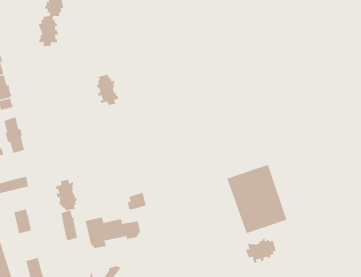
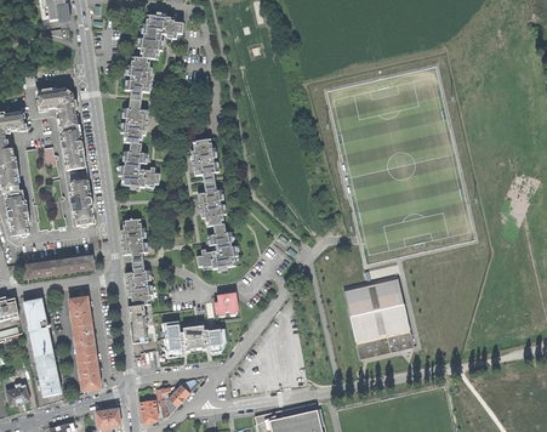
building: none -> [118,98,159,189]
building: none -> [195,181,237,271]
building: none -> [120,218,147,258]
building: none -> [73,325,95,363]
building: [245,237,277,264] -> none

